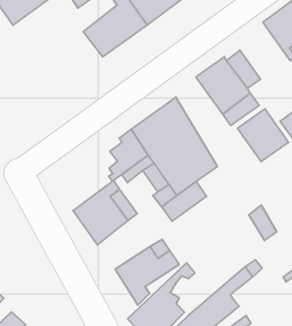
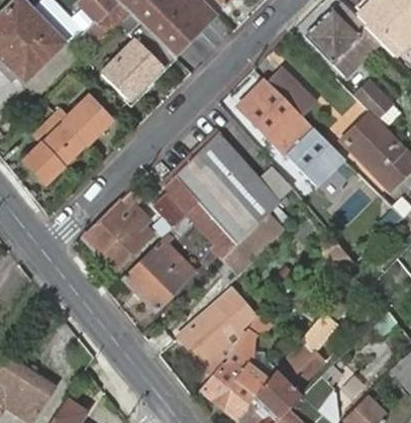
building: none -> [25,95,112,183]
building: none -> [83,190,149,269]

